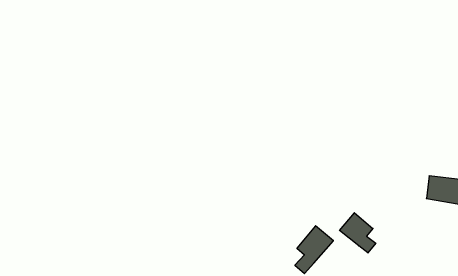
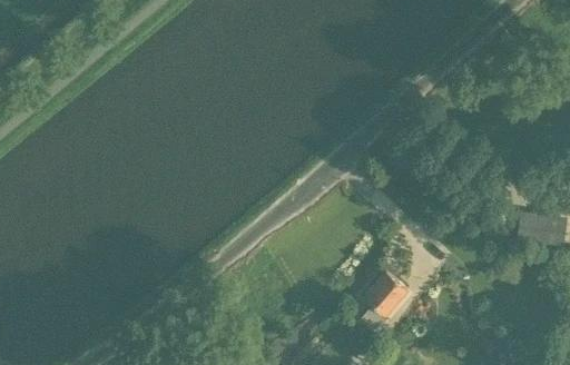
building: [340,213,376,253] -> none

